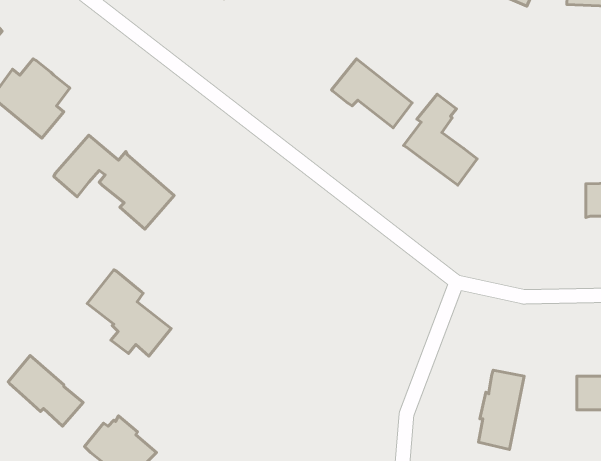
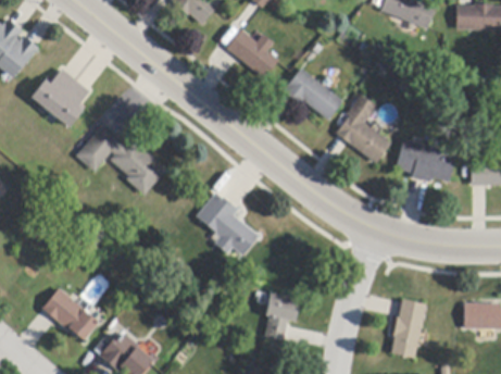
building: none -> [226,29,278,78]
building: none -> [394,139,455,182]
building: [87,270,171,356] -> [196,191,258,255]
building: none -> [264,294,299,339]

